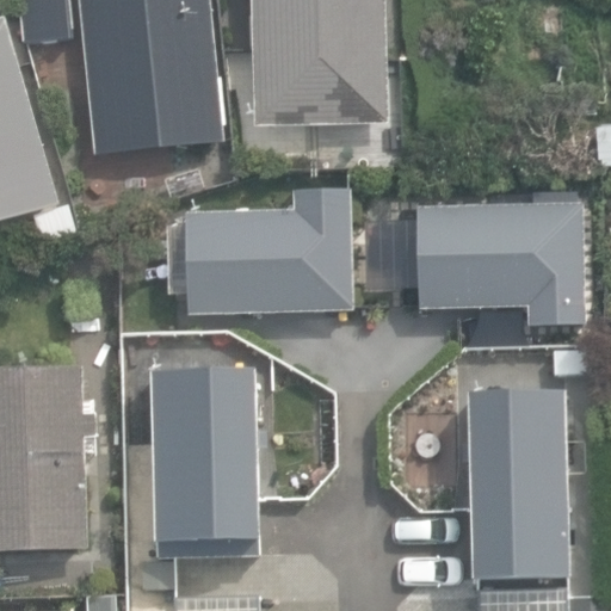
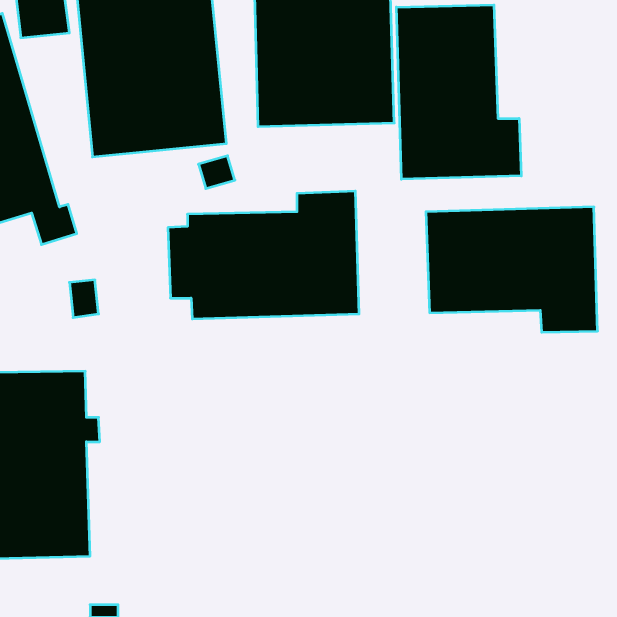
building: none -> [396,5,521,179]
building: [150,368,259,557] -> none
building: [469,389,567,579] -> none

